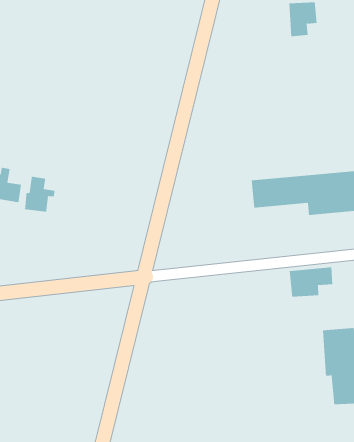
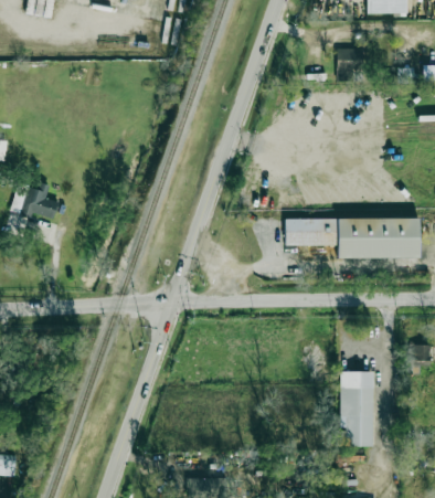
building: [24,176,55,212] -> none
building: [289,267,333,298] -> none

